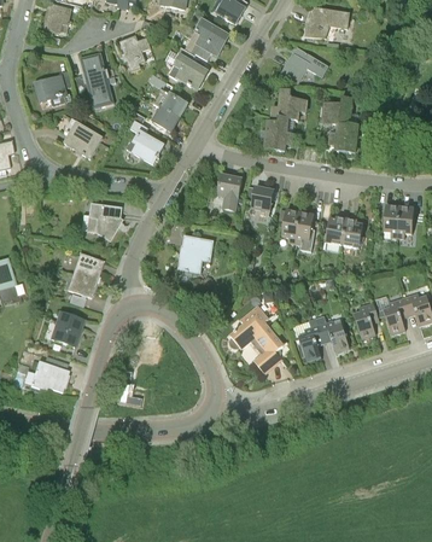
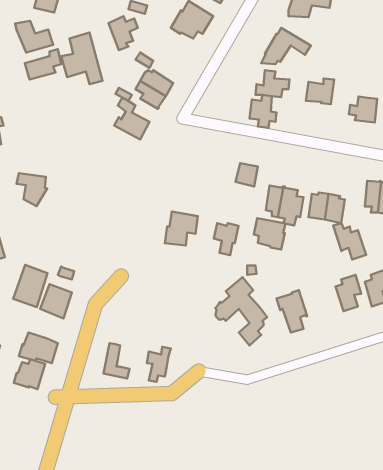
building: none -> [15,21,53,53]
building: [168,46,206,87] -> none
building: [63,117,101,157] -> none
building: [328,124,357,151] -> [349,97,377,122]
building: [216,176,241,209] -> [214,223,238,255]
building: [88,204,119,238] -> [17,173,47,206]
building: none -> [254,218,285,250]
building: [66,252,101,296] -> [13,265,47,307]
building: [315,314,349,351] -> [333,223,366,260]
building: none -> [147,347,171,382]
building: none -> [14,359,45,389]

